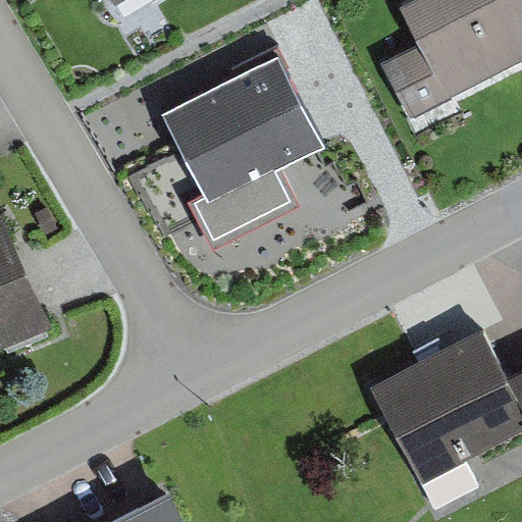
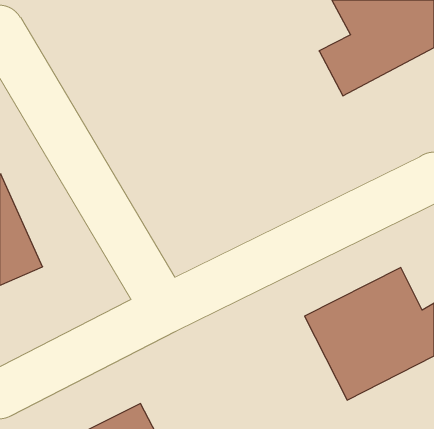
building: [161,54,326,244] -> none

